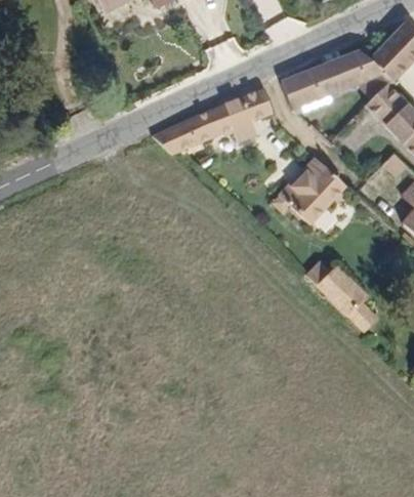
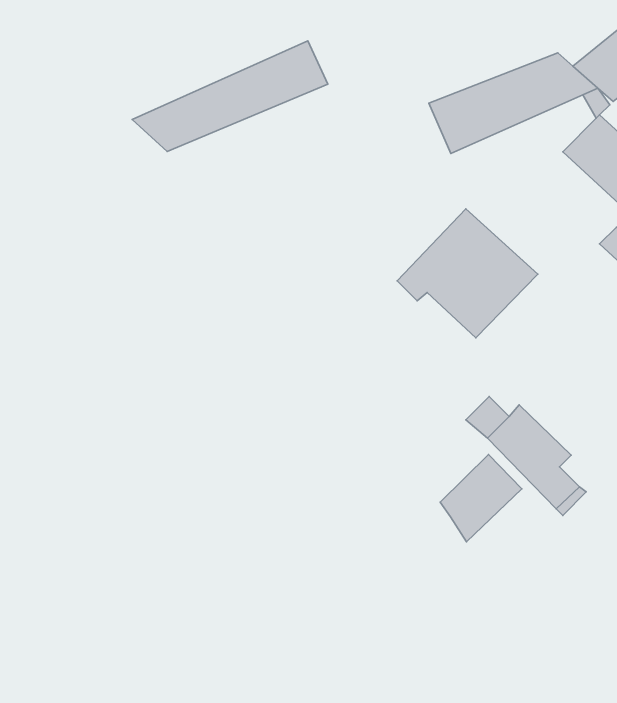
building: [157,87,277,155] -> [132,41,328,151]
building: none -> [440,455,522,542]

